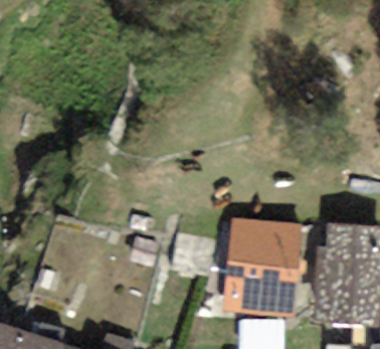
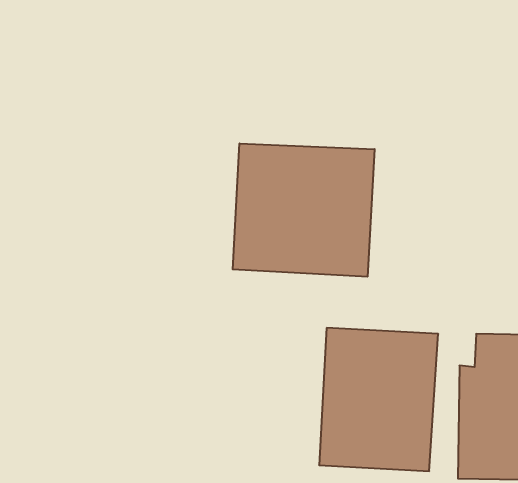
building: none -> [233,143,375,277]

